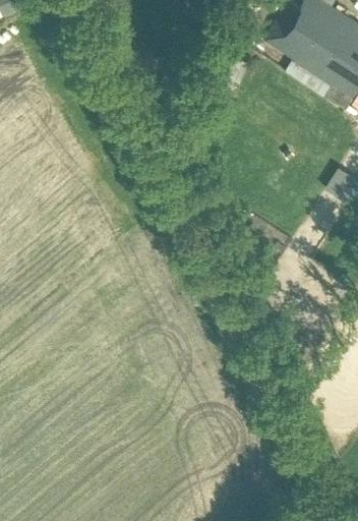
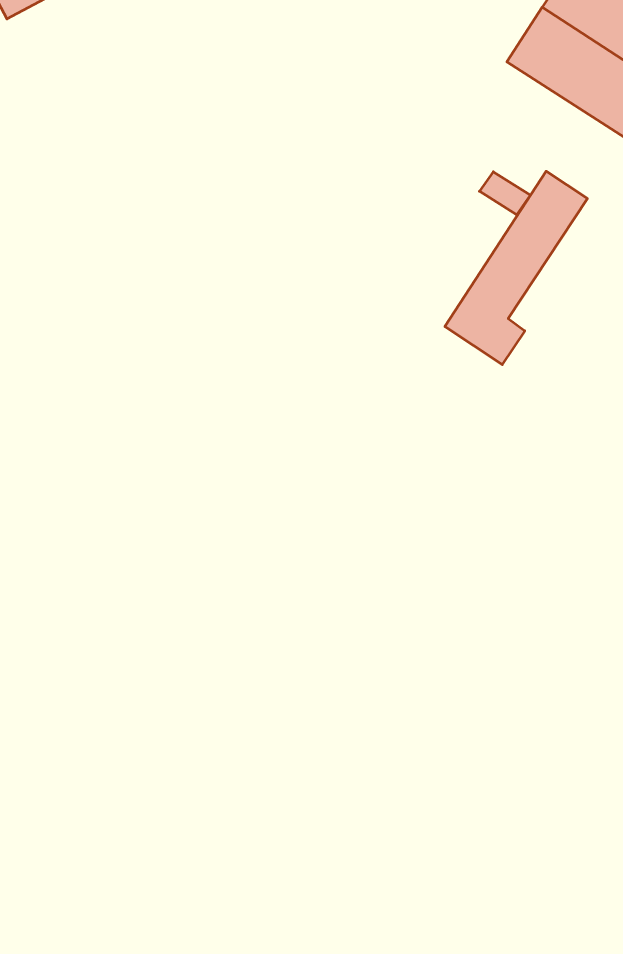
building: none -> [445,171,587,365]

